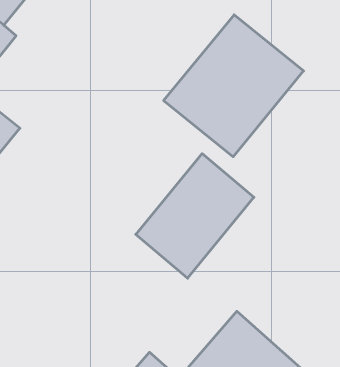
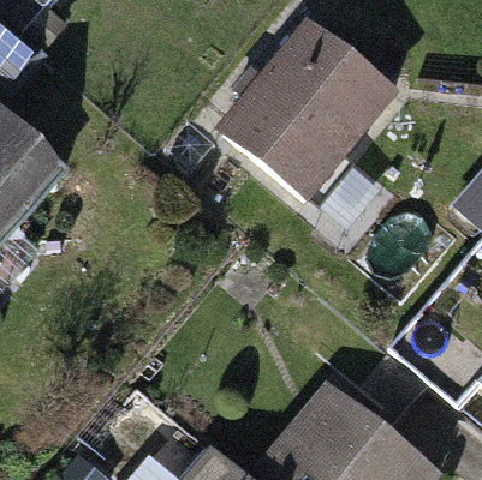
building: [136,154,254,278] -> none

